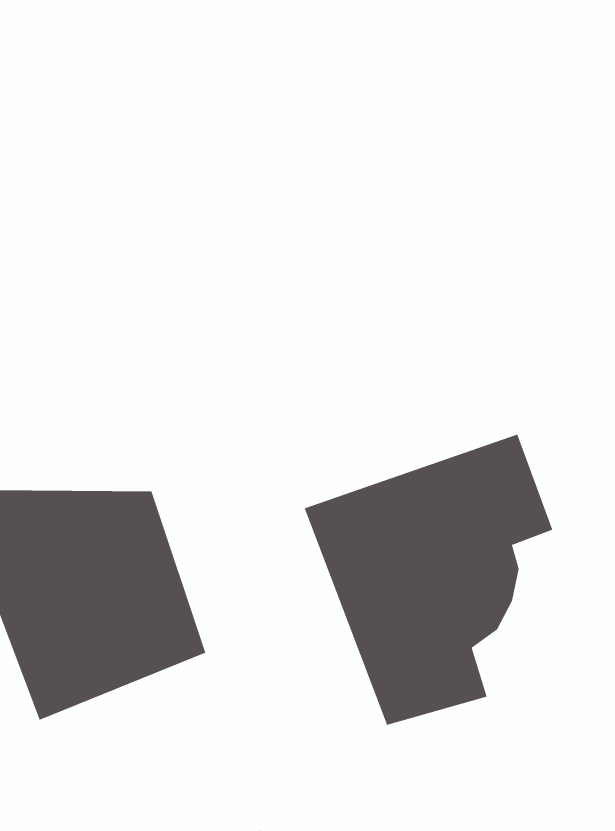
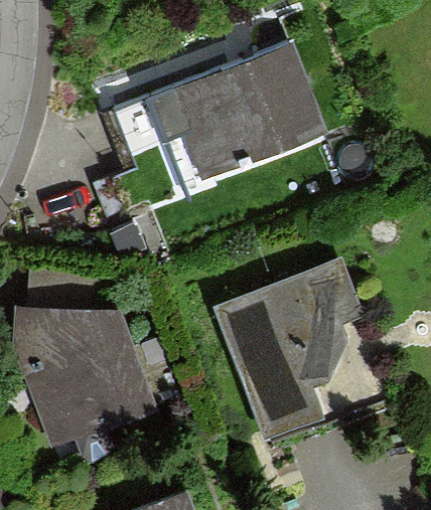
building: none -> [152,44,322,176]

